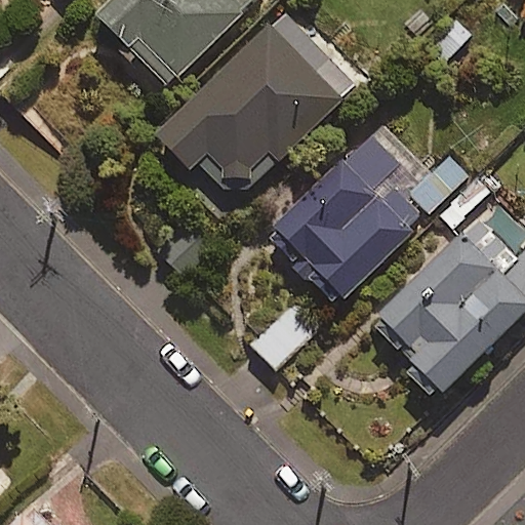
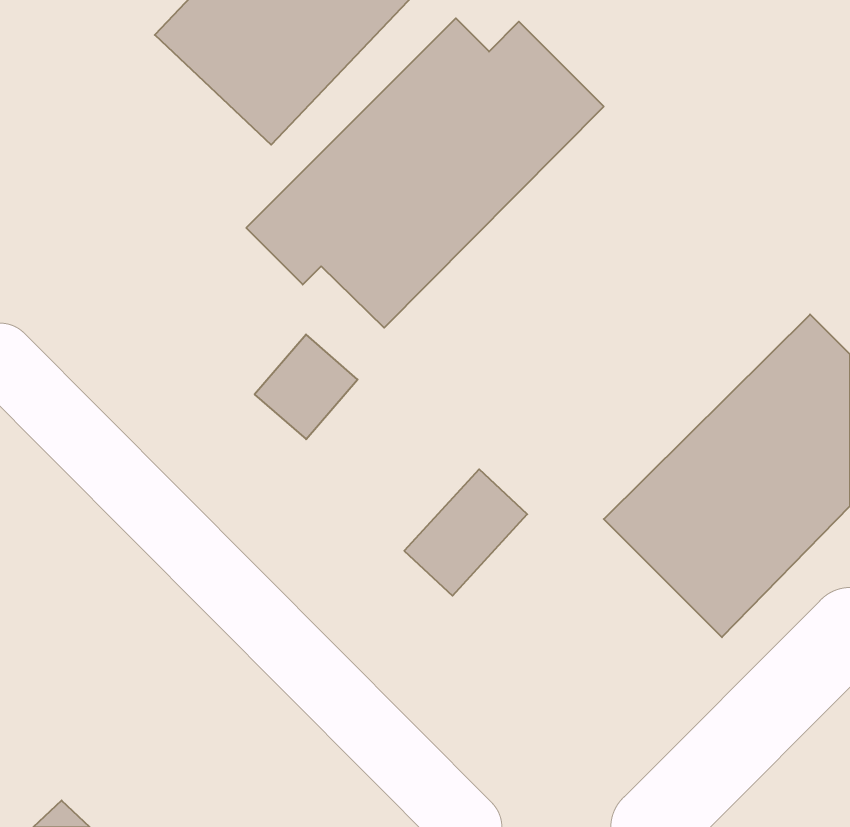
building: [266,118,473,304] -> none

